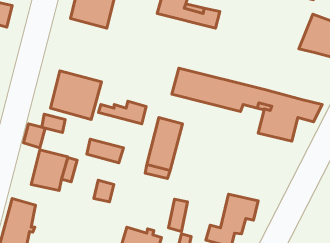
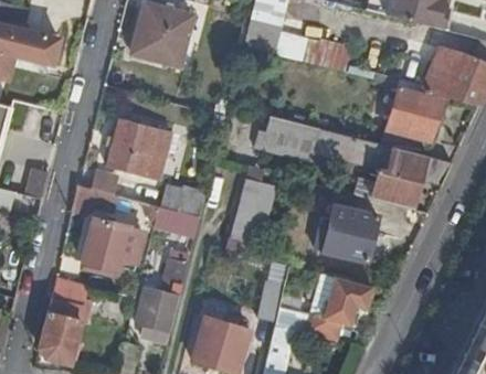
building: none -> [382,85,444,154]
building: [98,101,146,124] -> [146,188,207,216]
building: none -> [318,204,379,259]
building: none -> [137,288,179,332]

